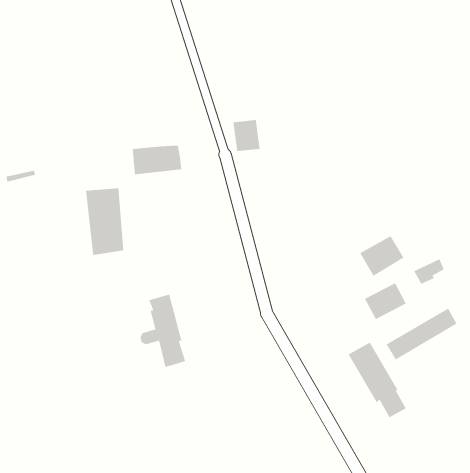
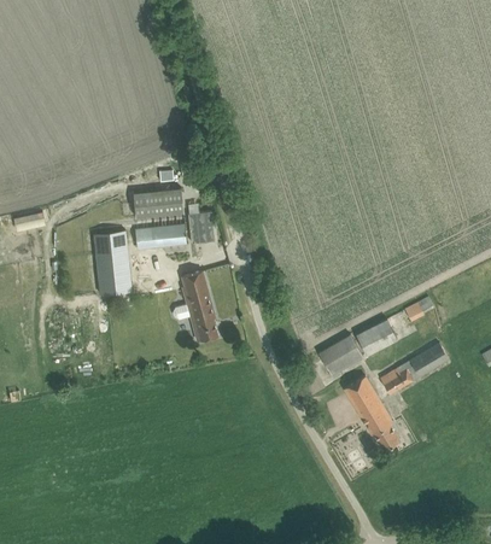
building: [233,119,260,152] -> [187,212,214,244]
building: none -> [134,226,185,250]
building: [359,235,405,277] -> [321,335,364,375]
building: [139,293,186,368] -> [173,271,217,343]

